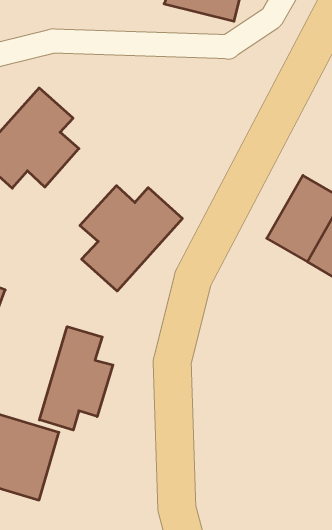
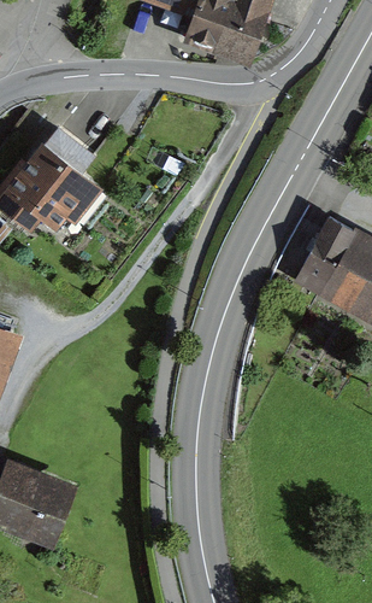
building: [80,186,182,291] -> none
building: [39,327,113,430] -> none

